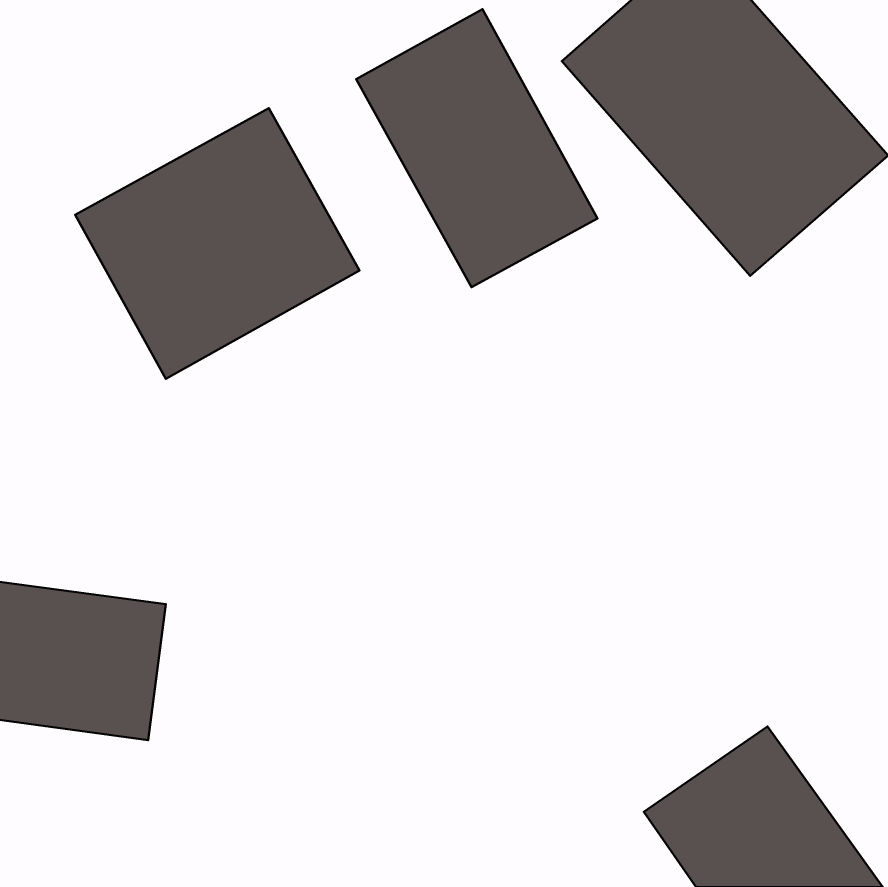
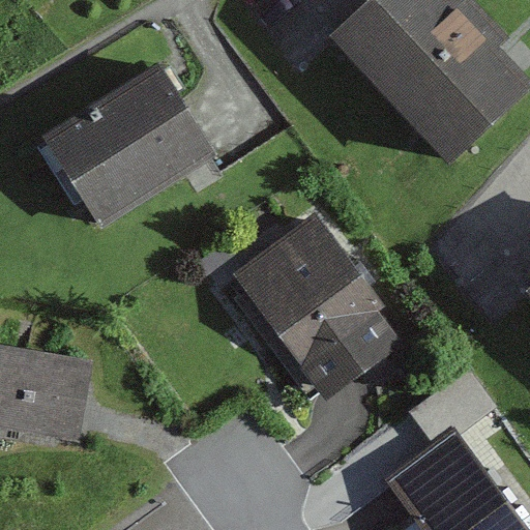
building: [356,9,597,287] -> none
building: none -> [232,222,402,401]

